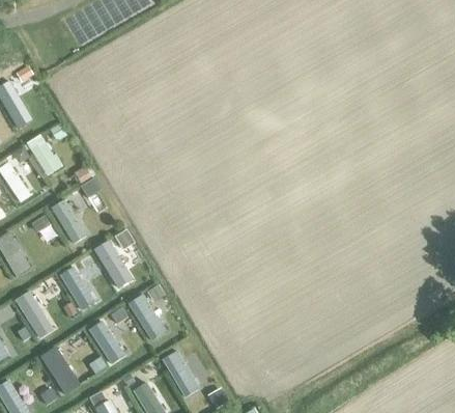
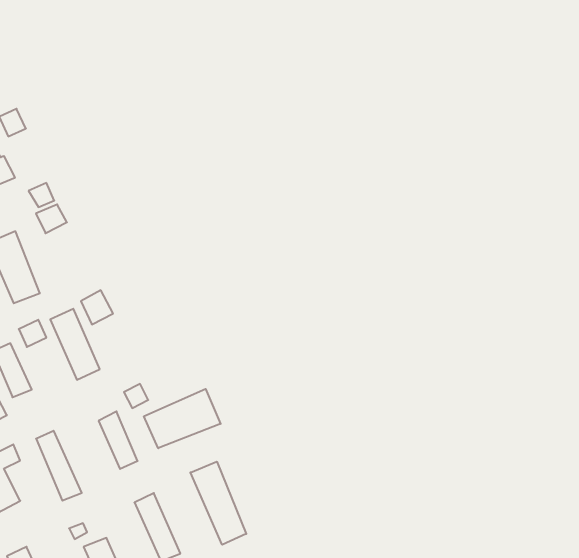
building: none -> [144,389,221,448]
building: none -> [190,462,246,545]

